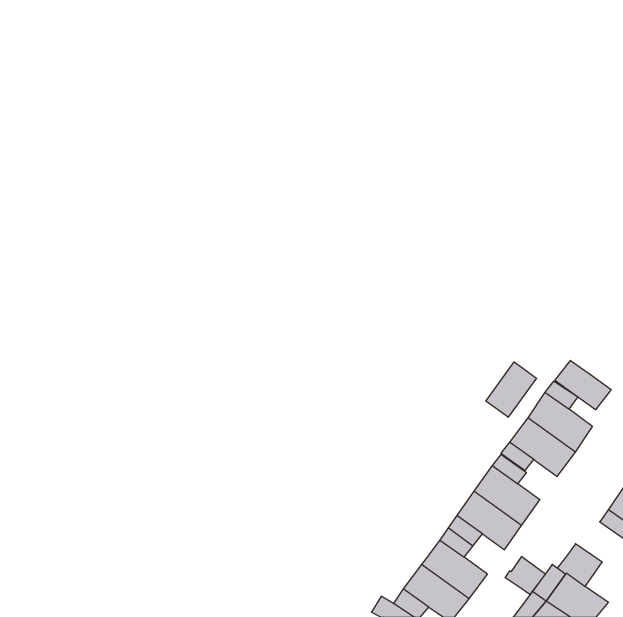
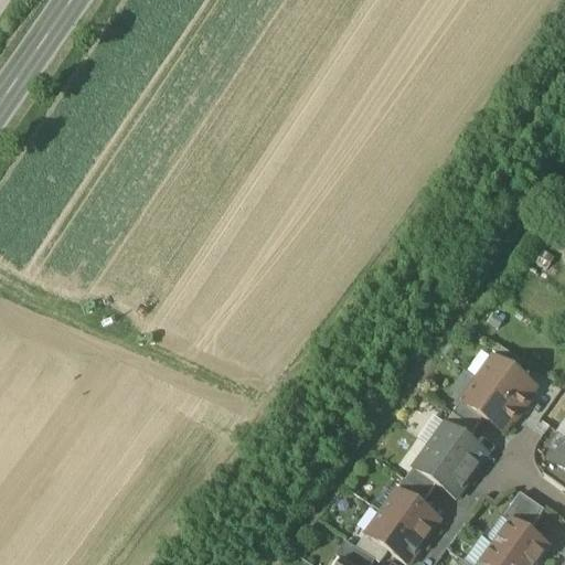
building: [555,360,611,410] -> none
building: [486,362,536,417] -> none
building: [505,556,545,595] -> none

